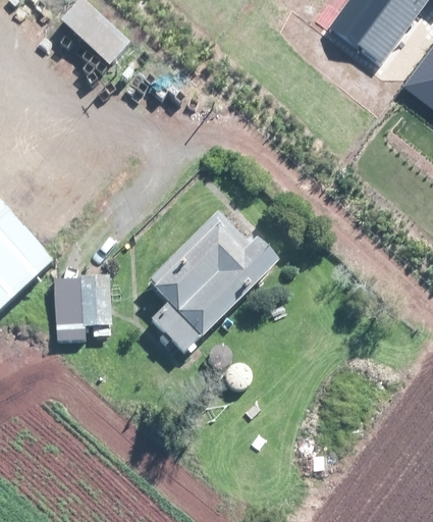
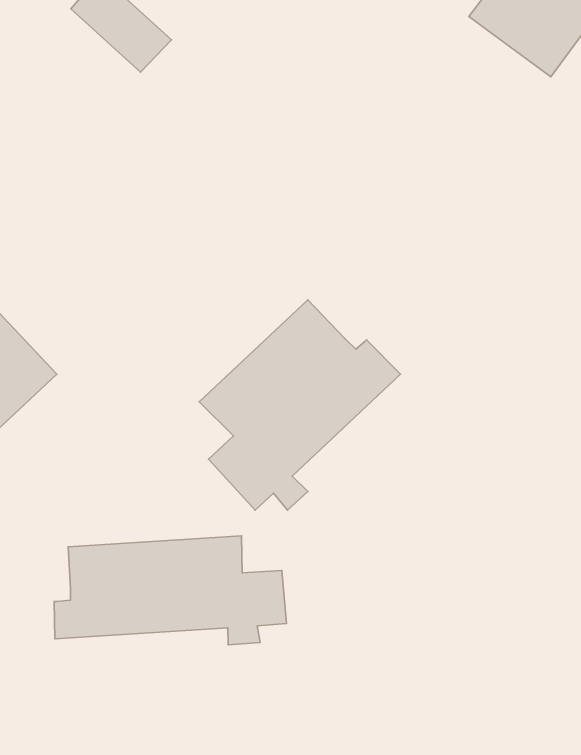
building: [72,273,112,323] -> none
building: none -> [54,536,287,645]

